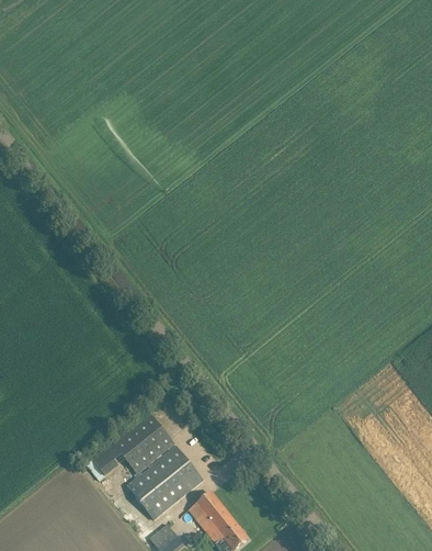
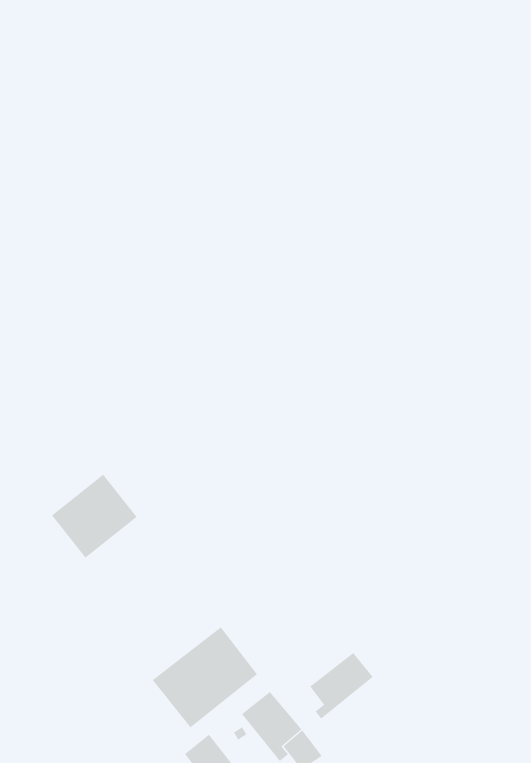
building: [112,414,173,474] -> [51,474,137,558]
building: none -> [310,652,374,719]

